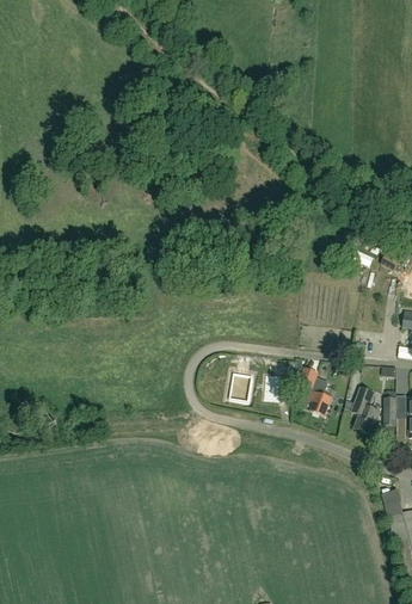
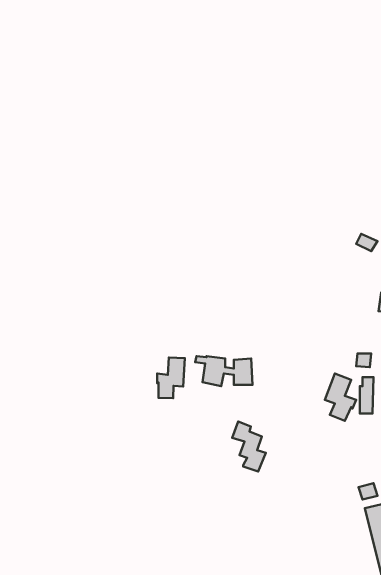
building: [299,366,331,414] -> [232,422,266,472]
building: none -> [157,357,185,398]

